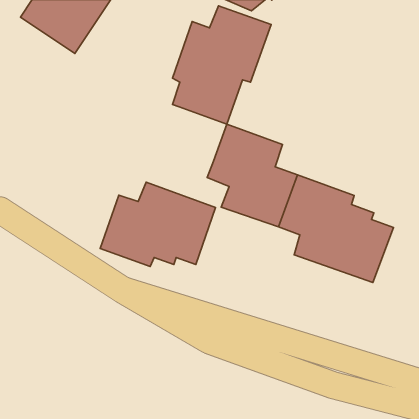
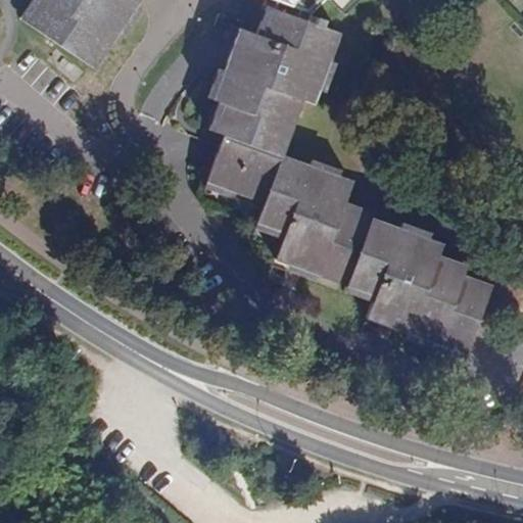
building: none -> [207,133,283,200]
building: [100,182,216,266] -> none

